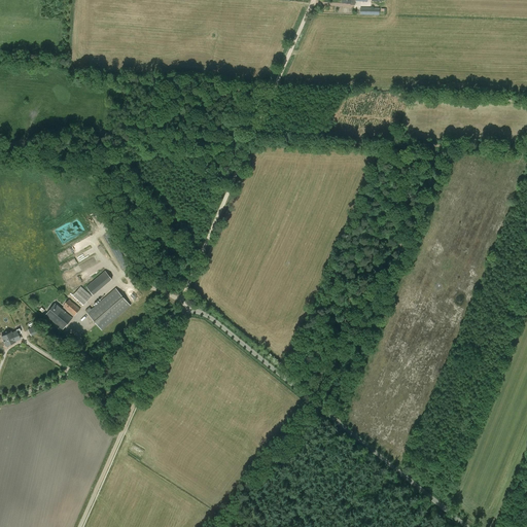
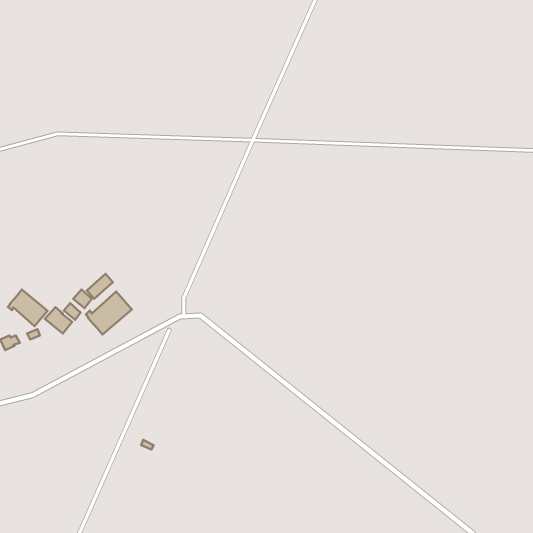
building: none -> [8,290,48,326]

